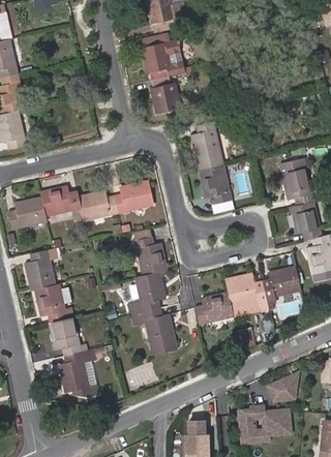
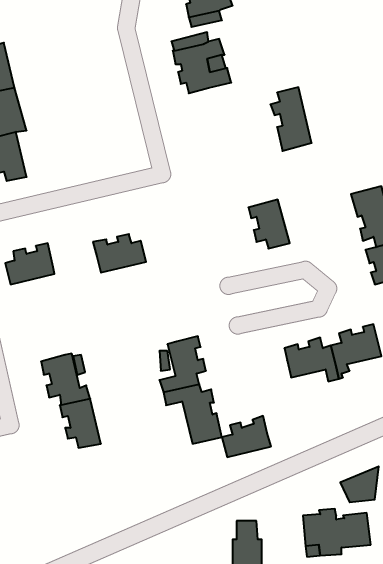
building: [150,78,179,115] -> none
building: [189,121,221,171] -> [270,87,312,151]
building: [115,181,153,213] -> none
building: [40,187,81,217] -> none
building: [134,236,167,275] -> none
building: [26,251,56,292] -> none
building: [197,290,235,322] -> [222,416,271,457]
building: [61,352,100,399] -> none

